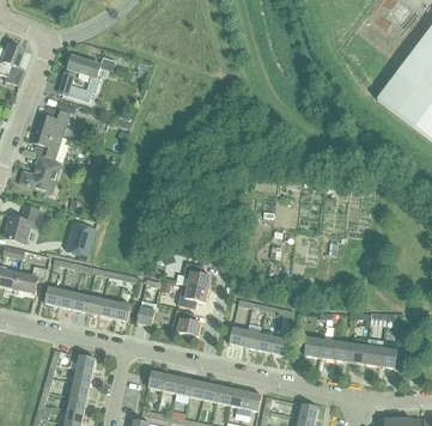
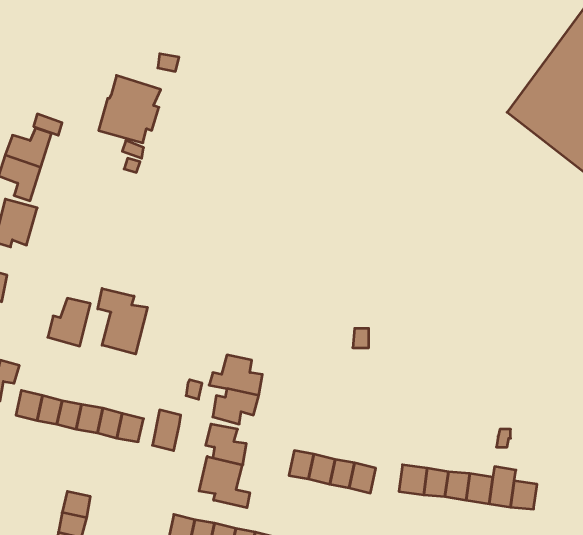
building: [59,55,101,101] -> [99,75,161,143]
building: none -> [98,288,147,354]
building: none -> [199,456,250,508]

